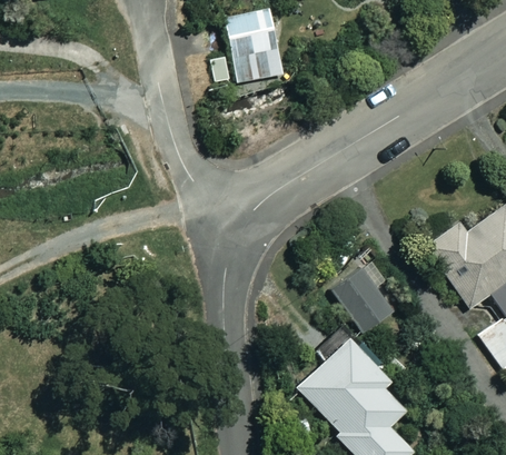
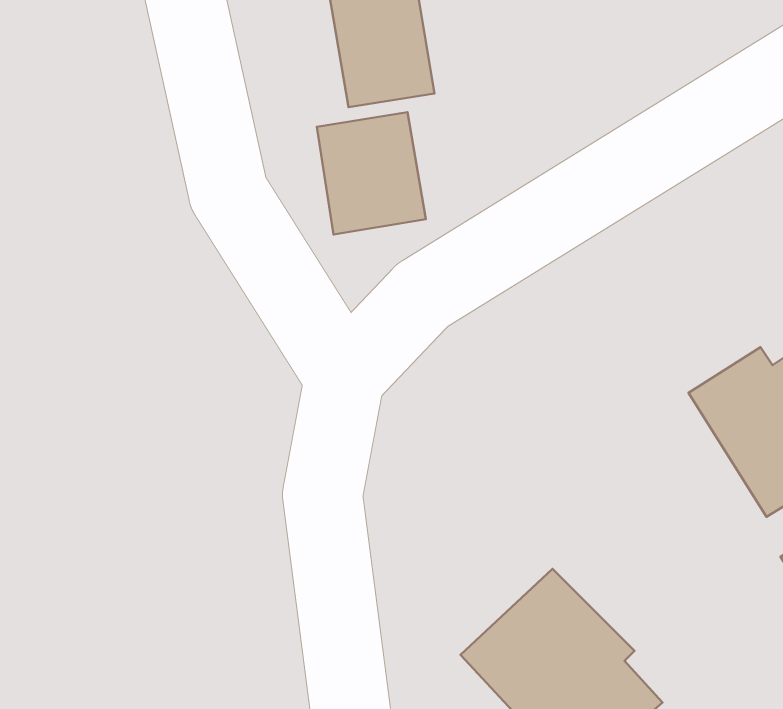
building: none -> [317,112,426,235]
building: [330,266,395,334] -> none

